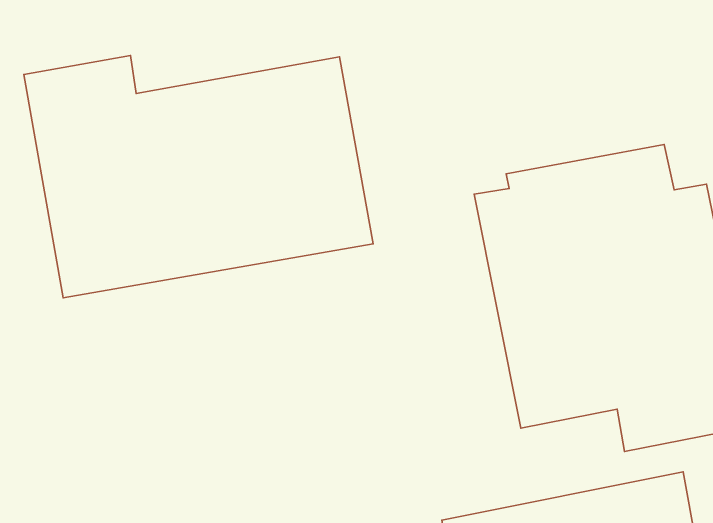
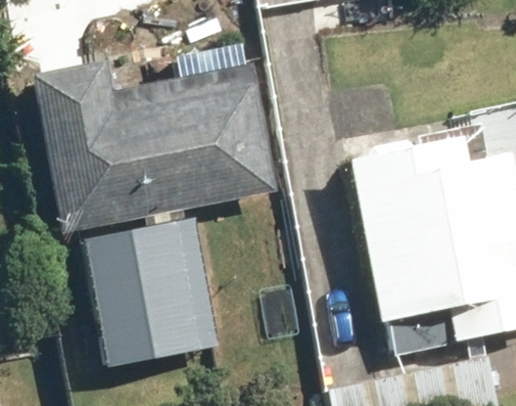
building: none -> [87,218,222,359]

